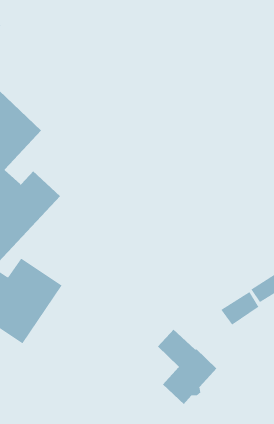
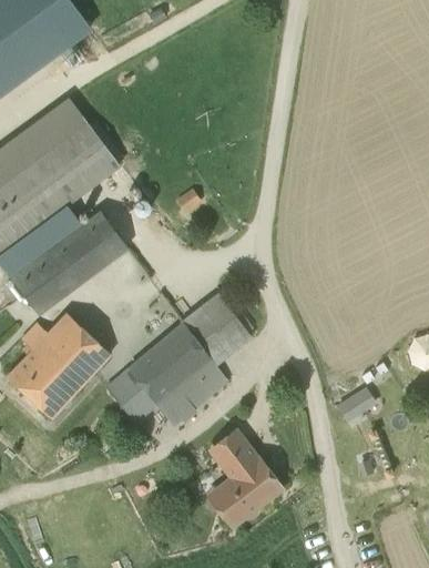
building: none -> [105,294,249,425]
building: [221,291,259,325] -> none

